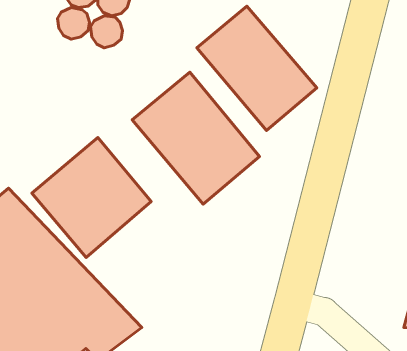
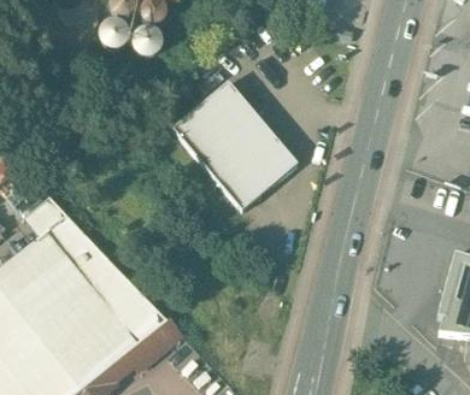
building: [197,6,317,131] -> none
building: [32,138,151,257] -> none

